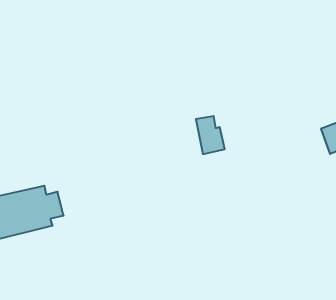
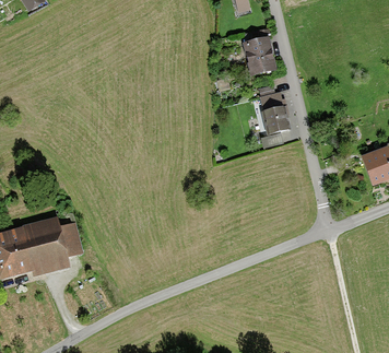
building: none -> [245,37,276,74]
building: [196,116,225,154] -> [259,92,291,133]

